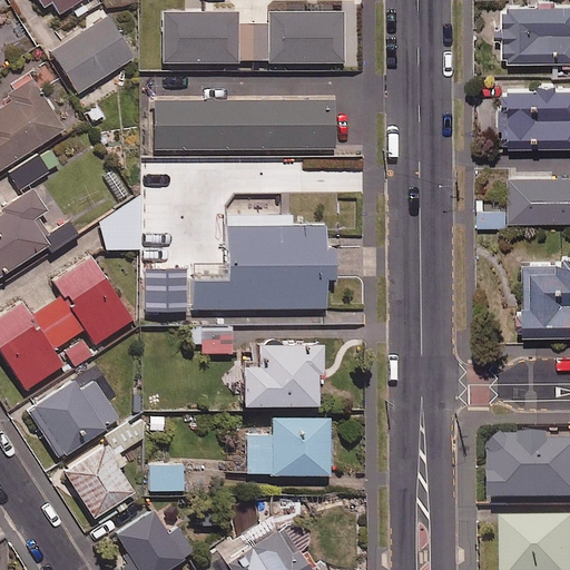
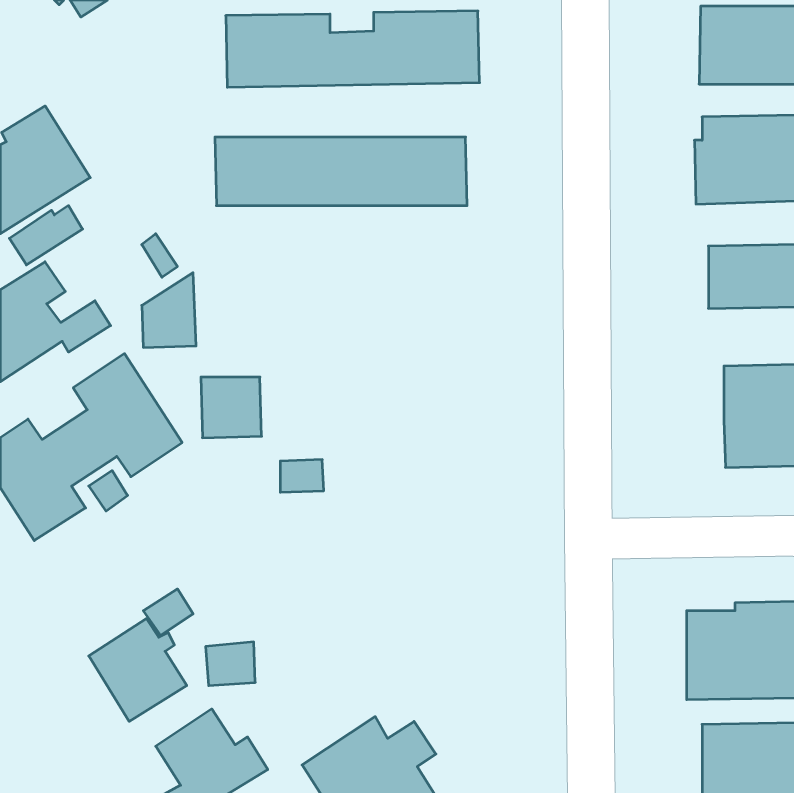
building: [51,16,135,94] -> none
building: [193,229,328,313] -> none
building: [243,343,322,403] -> none
building: [28,381,119,454] -> none
building: [246,417,330,474] -> none

